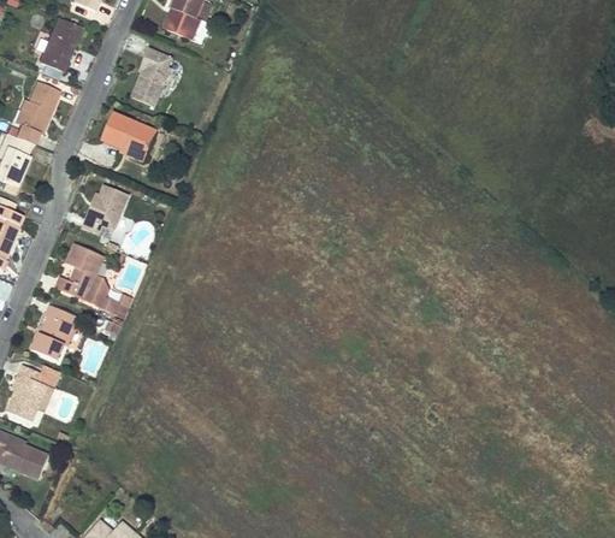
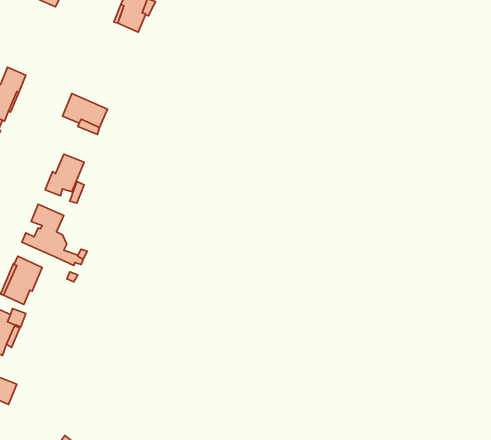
building: [39,18,82,72] -> none
building: [131,48,171,107] -> none

